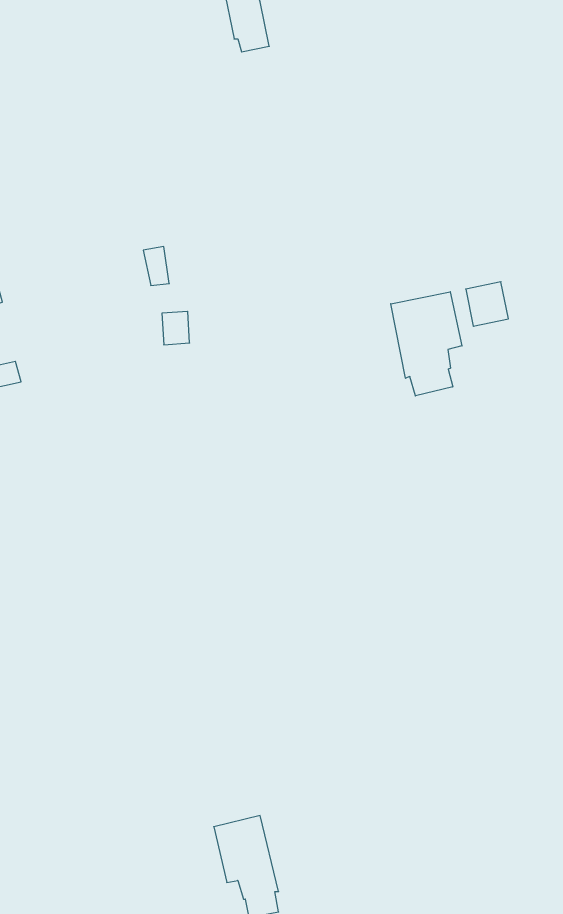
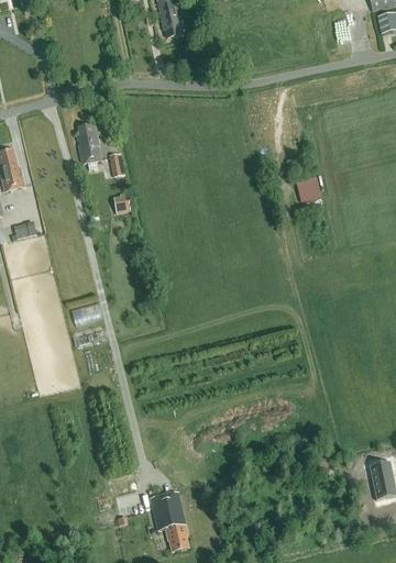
building: none -> [75,123,100,163]
building: [391,292,462,396] -> none

